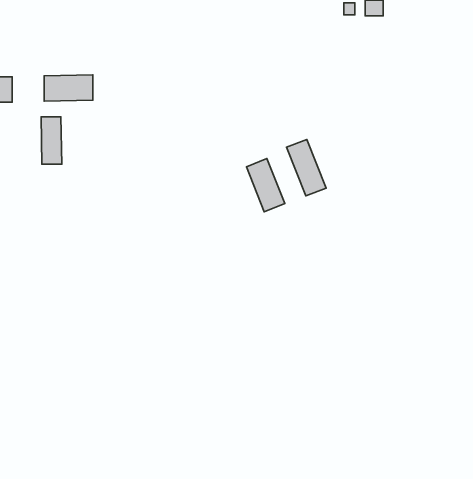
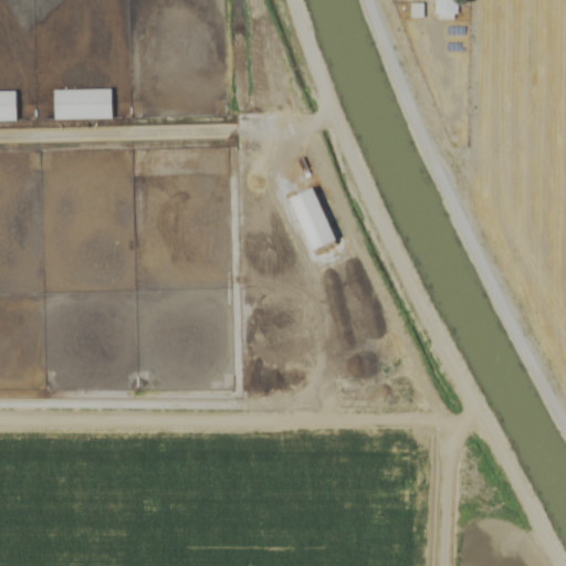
building: [41,117,62,164] -> none
building: [287,139,326,196] -> none

